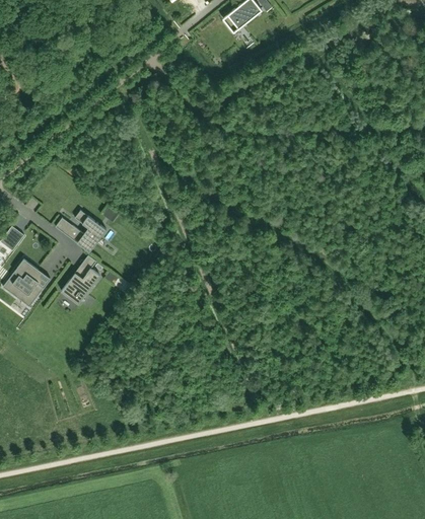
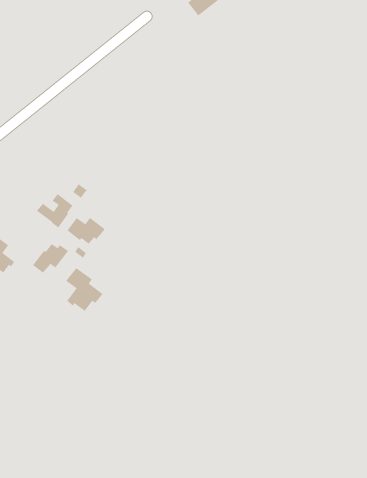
building: none -> [65,217,106,245]
building: none -> [65,267,103,312]

